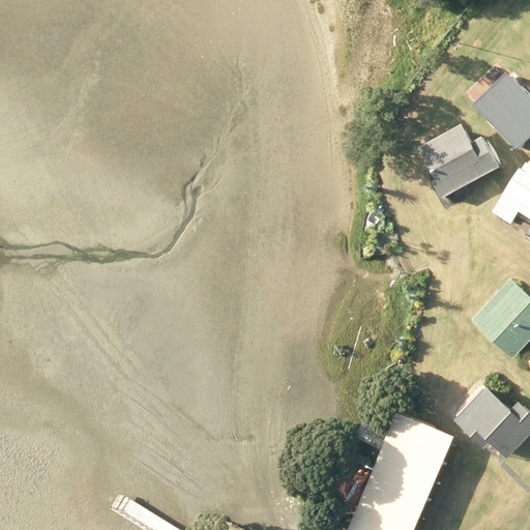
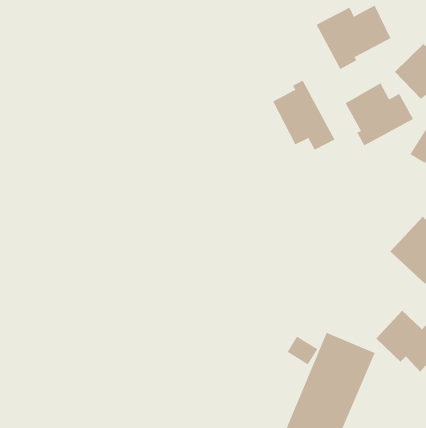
building: none -> [316,5,391,70]
building: none -> [273,80,335,151]

